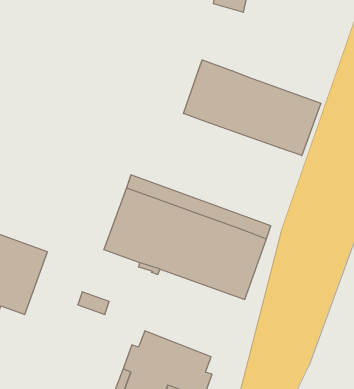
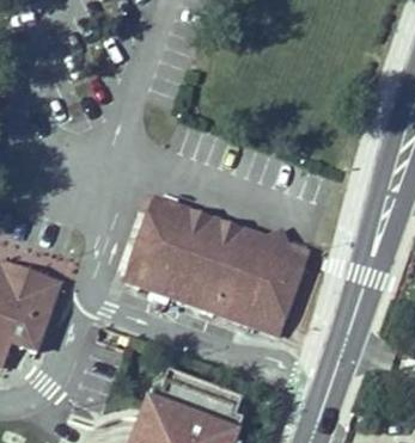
building: [183,60,321,156] -> none

